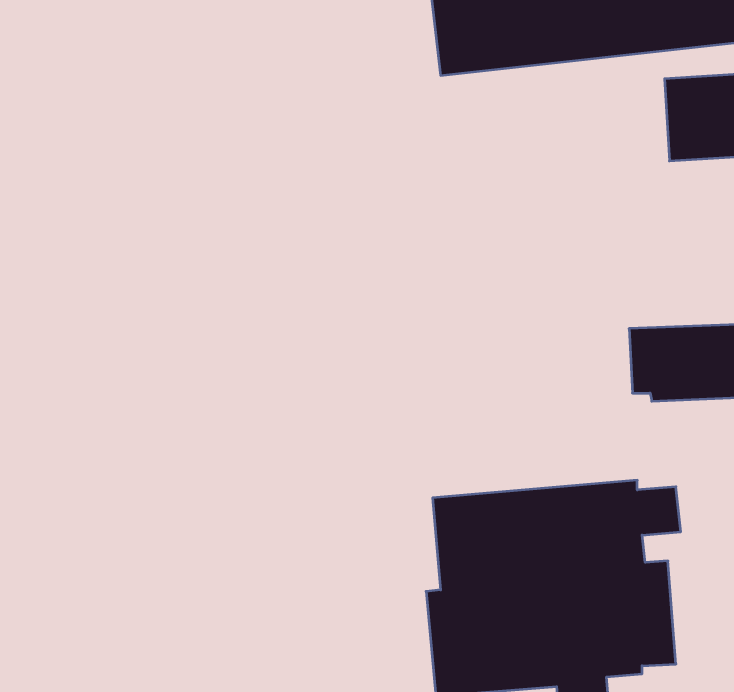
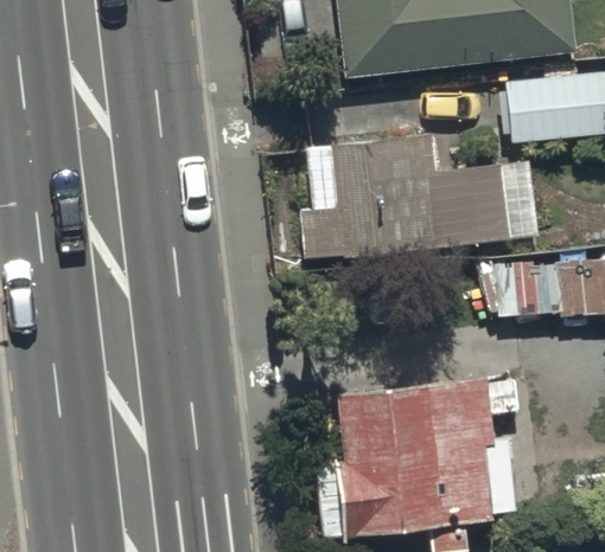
building: none -> [301,135,507,256]

